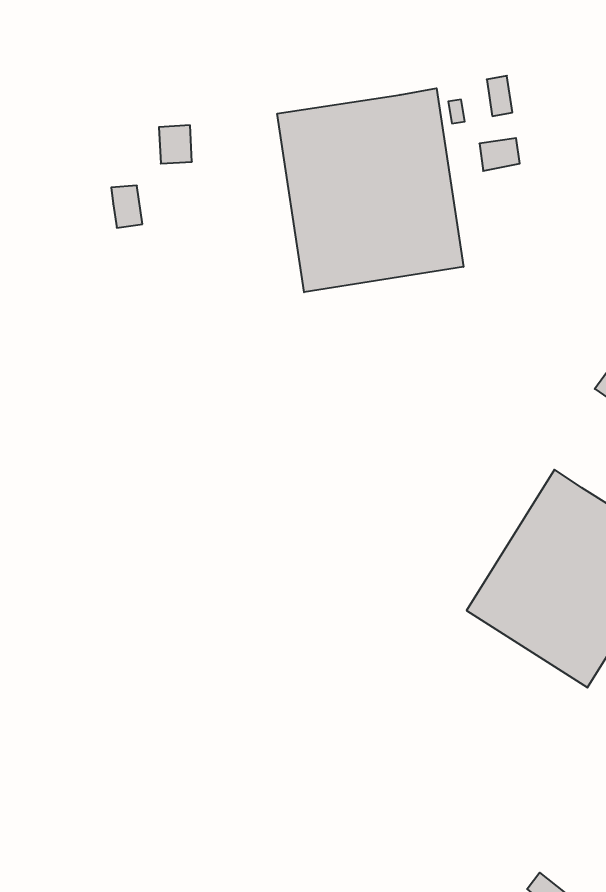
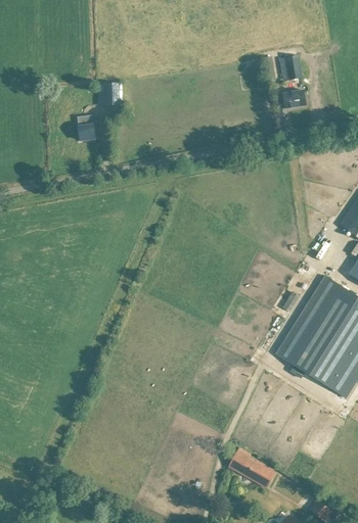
building: [277,88,463,292] -> none
building: none -> [229,448,274,486]

